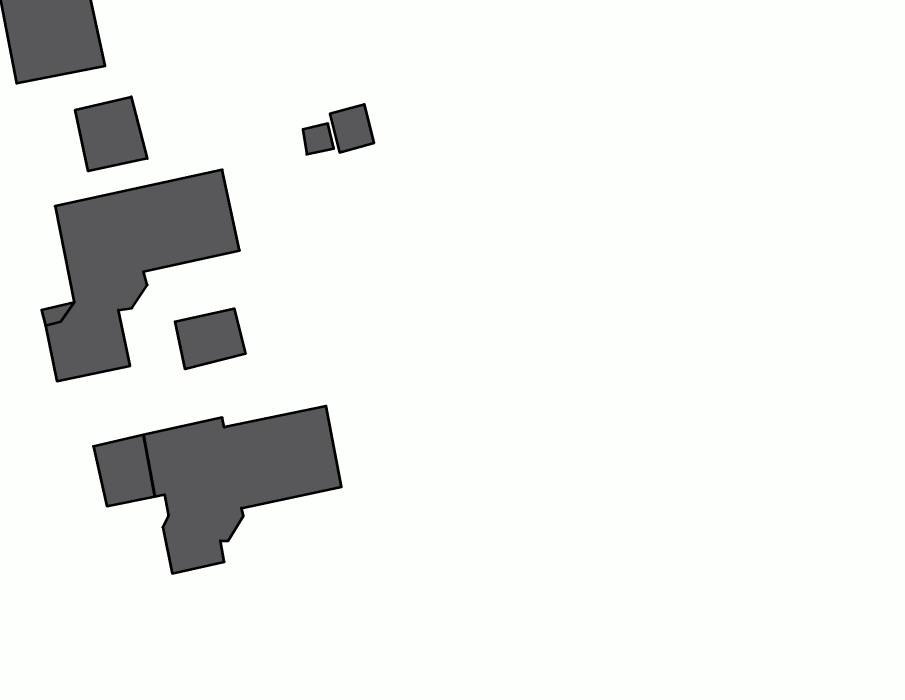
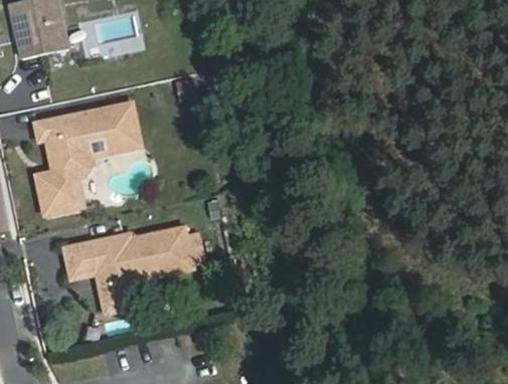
building: [75,97,147,171] -> none
building: [175,309,245,369] -> none

